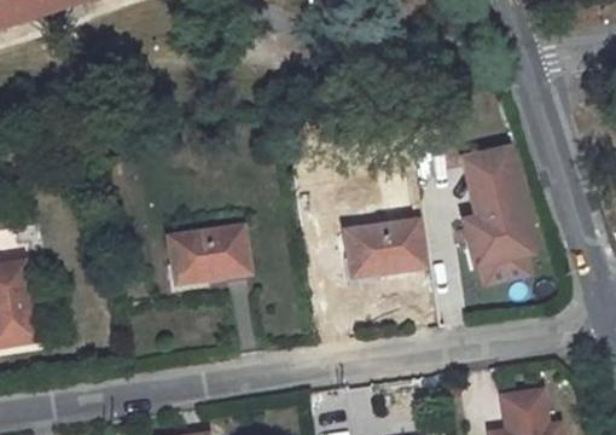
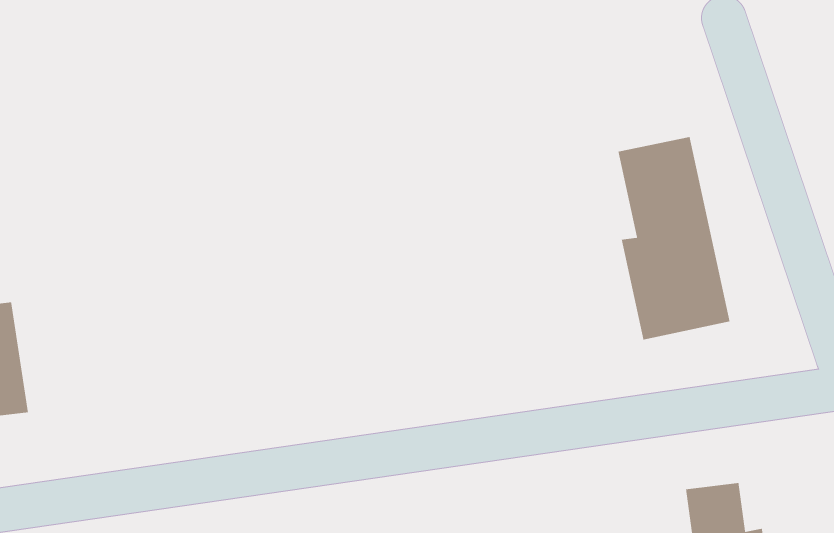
building: [347,219,426,275] -> none
building: [170,226,249,283] -> none

